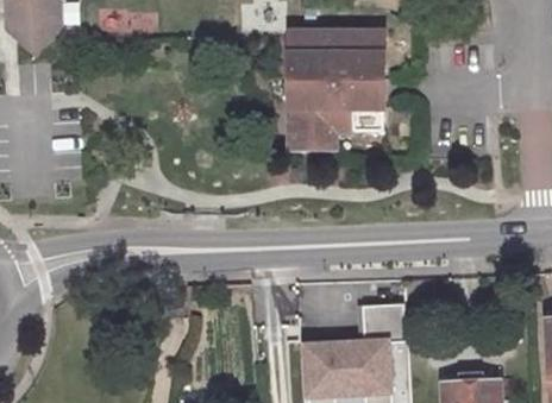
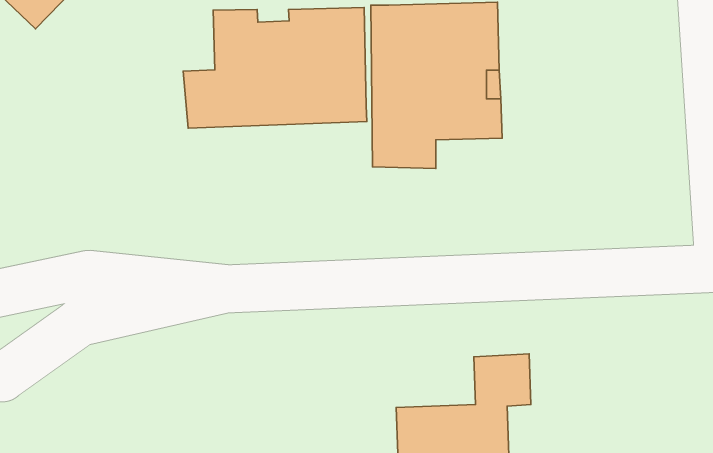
building: none -> [183,7,367,128]

